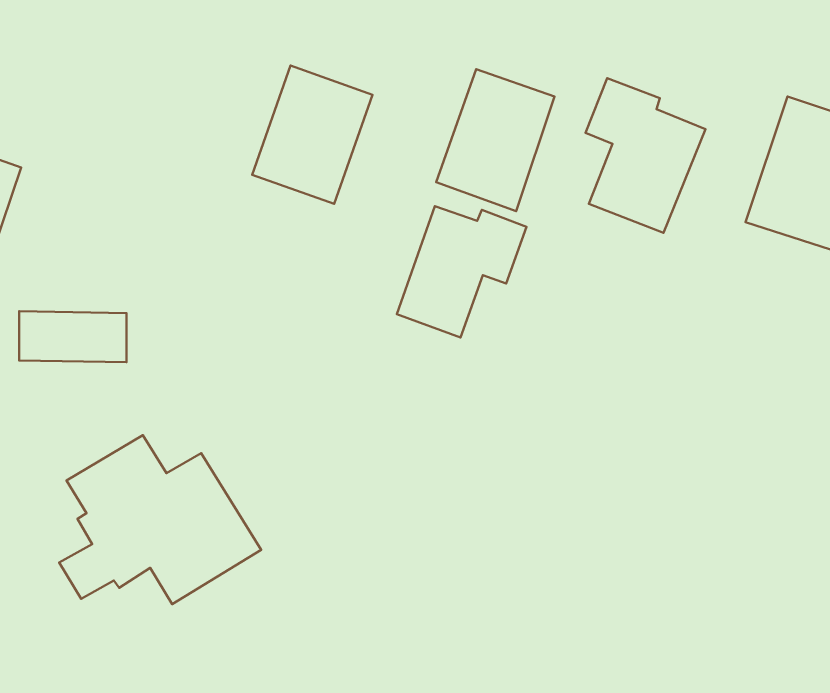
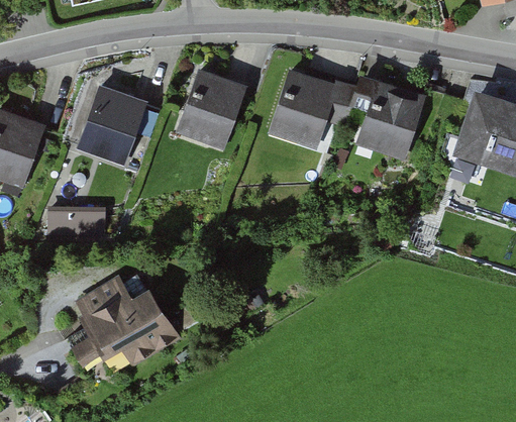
building: none -> [76,86,142,163]
building: [397,206,526,338] -> none

